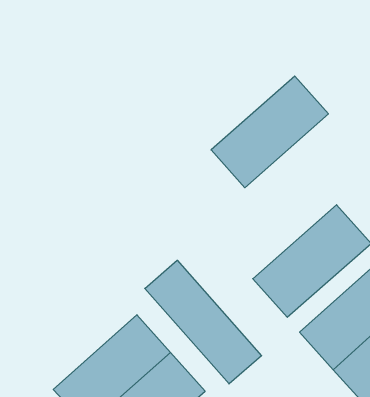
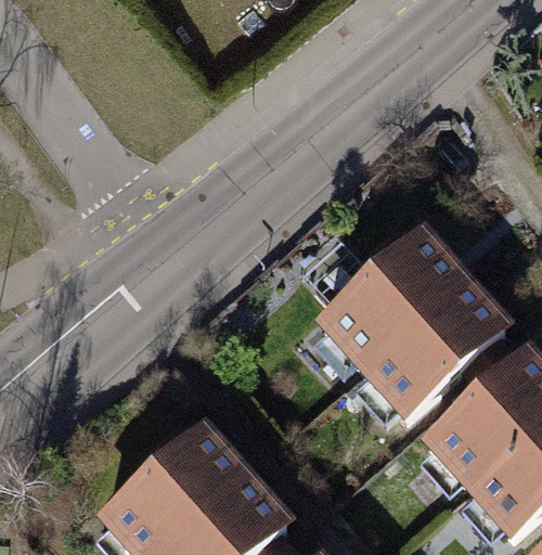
building: [211,76,328,188] -> [312,221,467,369]
building: [145,260,262,384] -> none

